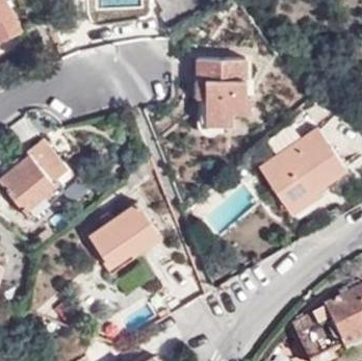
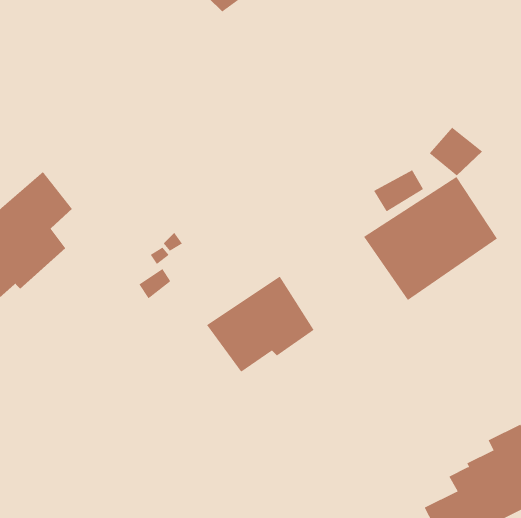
building: [196,59,251,126] -> none
building: [89,203,158,264] -> [206,276,315,373]

